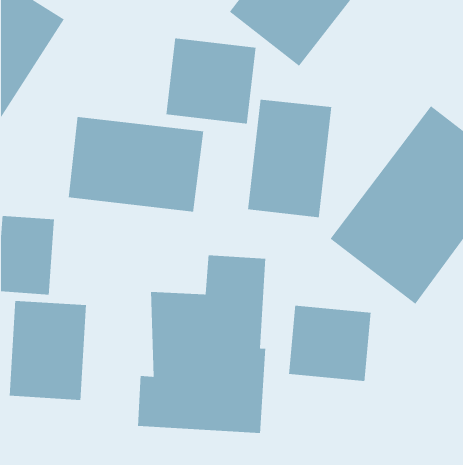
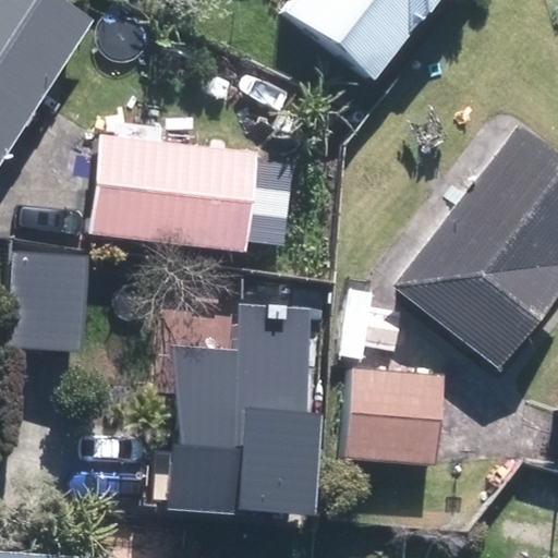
building: [165,37,256,124] -> none
building: [247,99,332,218] -> none
building: [9,300,87,401] -> none

